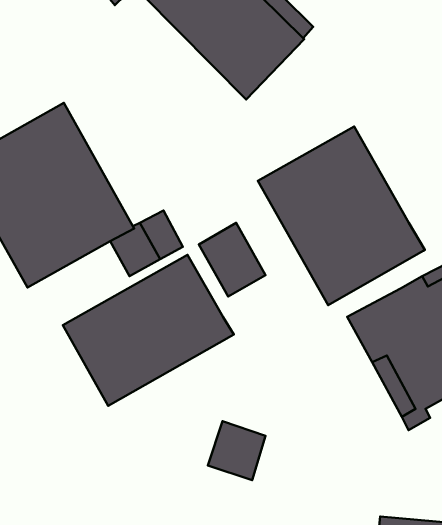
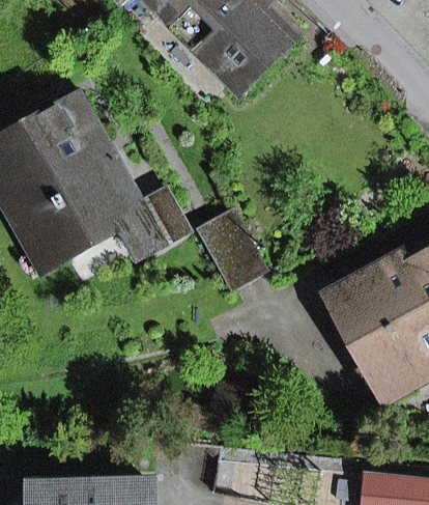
building: [258,127,425,305] -> none
building: [63,255,234,406] -> none

